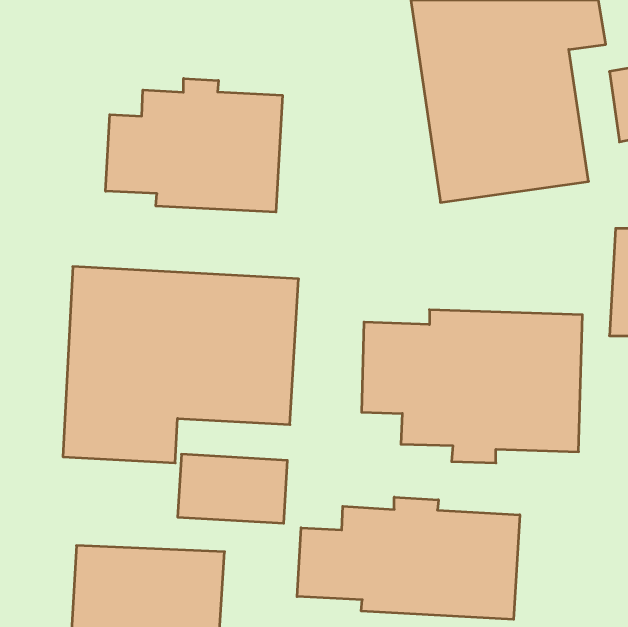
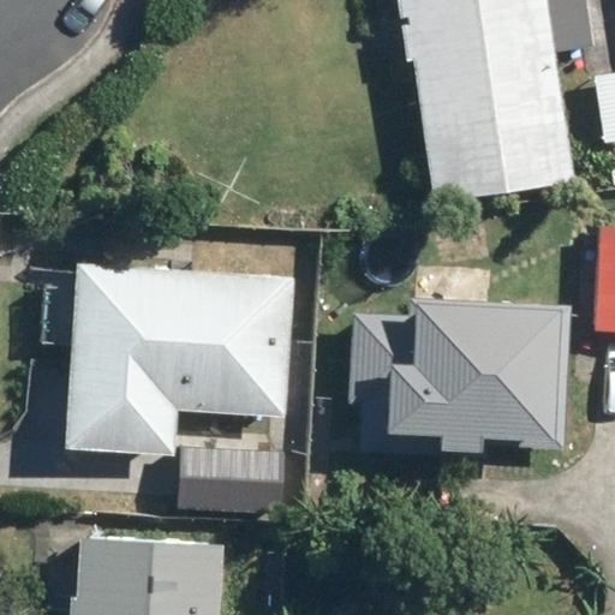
building: [106,78,282,212] -> none
building: [297,497,520,619] -> none

